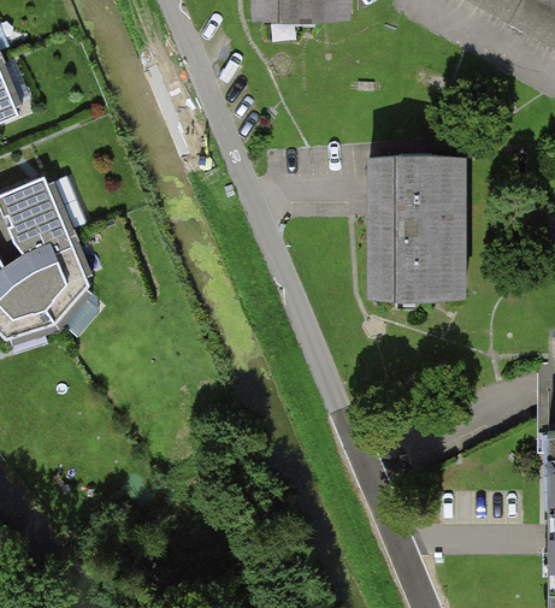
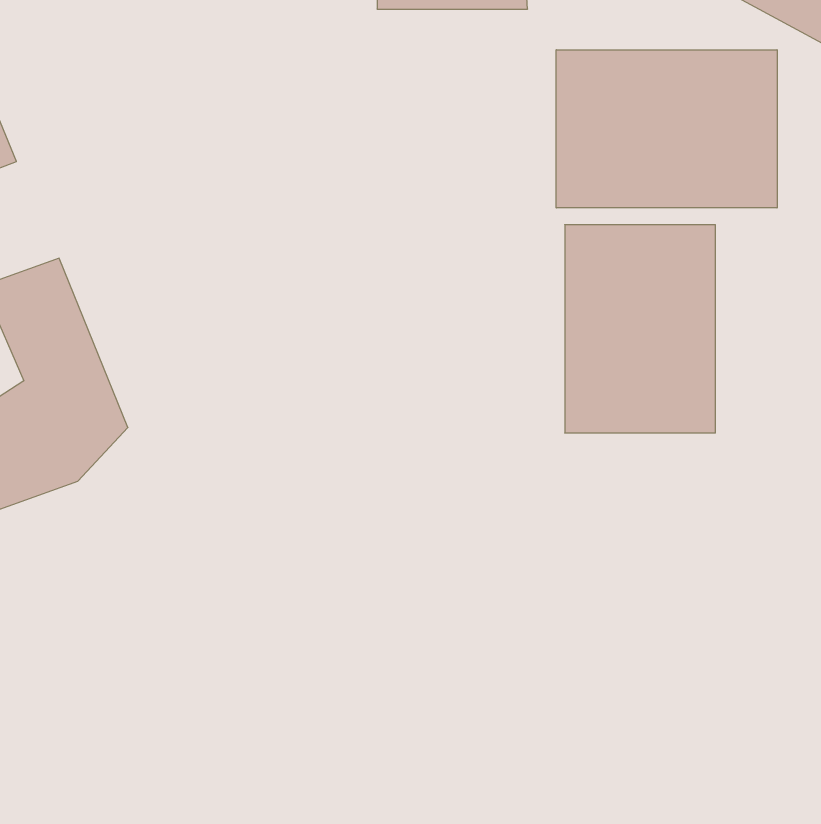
building: none -> [556,50,777,208]

